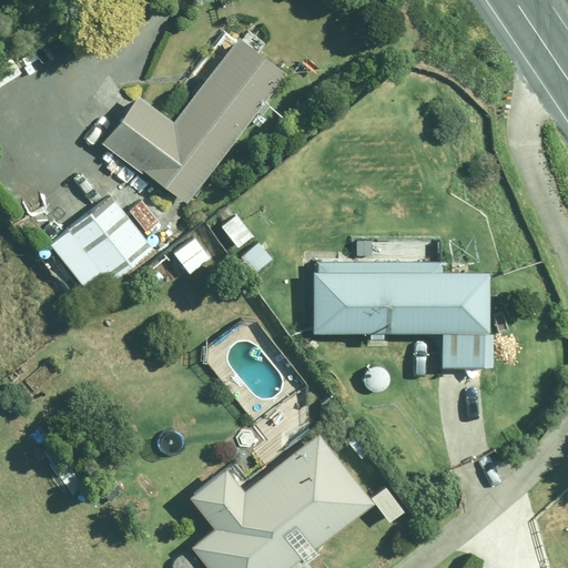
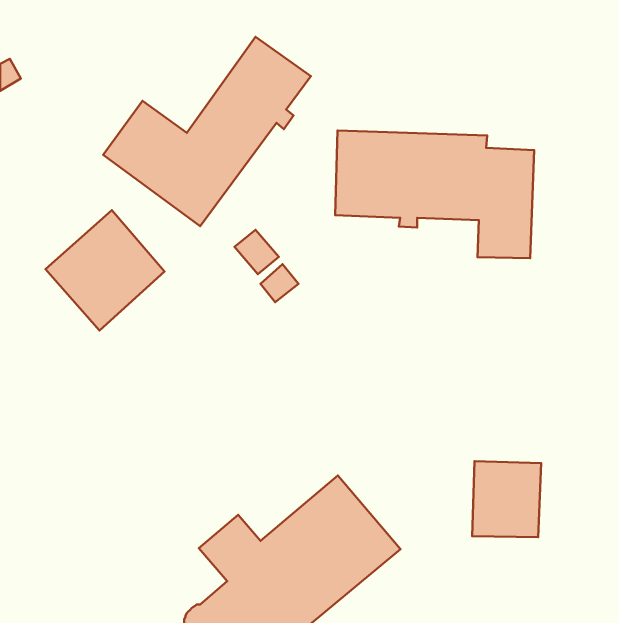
building: [311,255,490,371] -> [335,131,534,258]
building: none -> [472,461,541,537]

